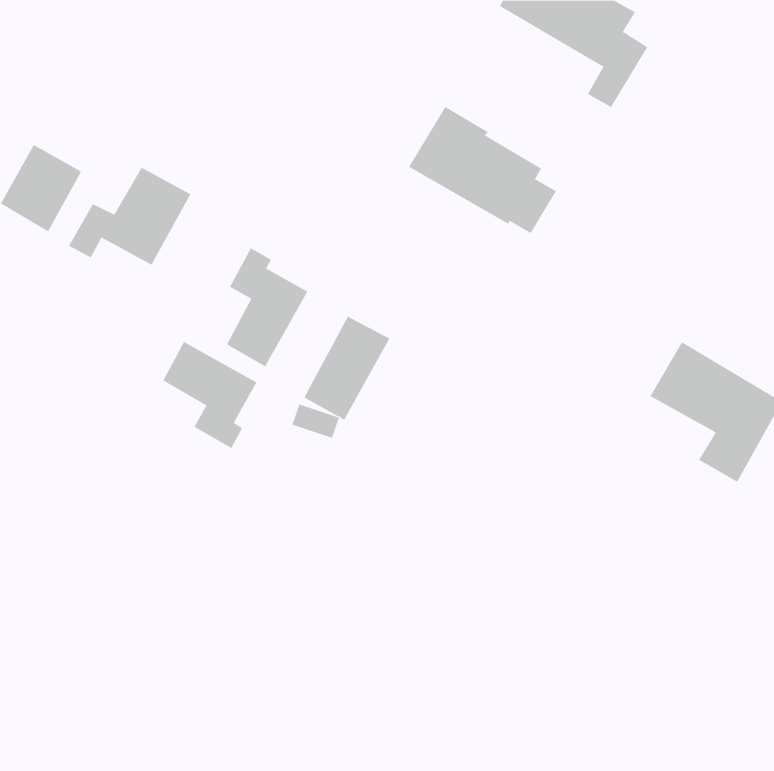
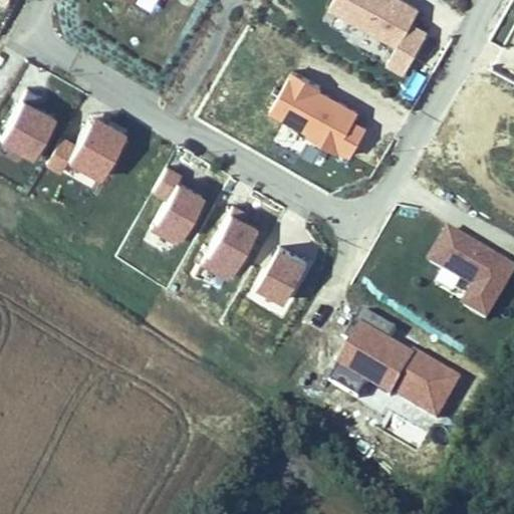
building: [163,341,257,449] -> none
building: none -> [260,246,310,301]
building: none -> [332,312,463,423]

